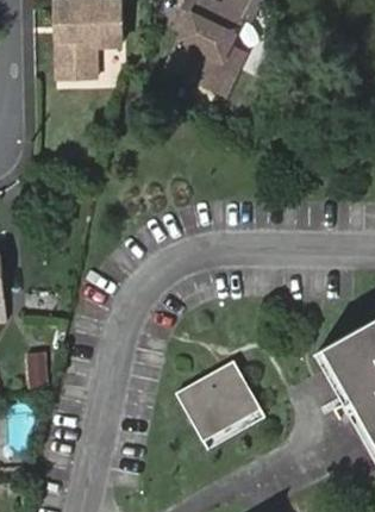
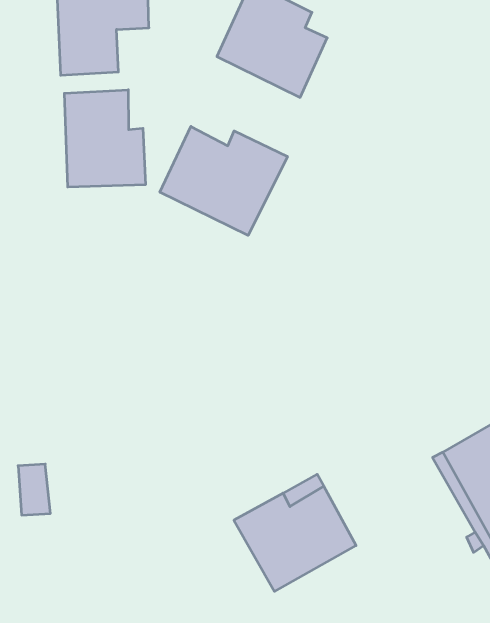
building: none -> [64,90,145,187]
building: none -> [160,126,287,235]

